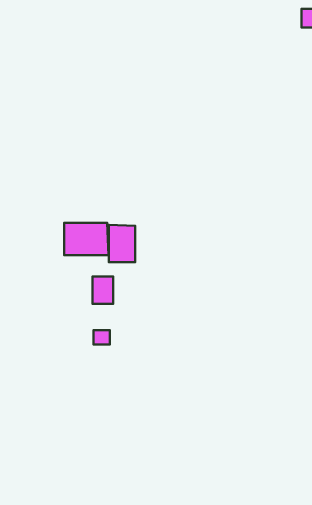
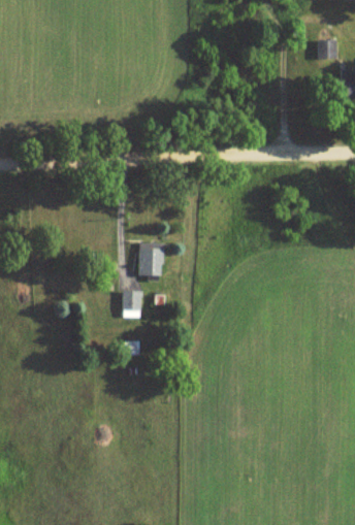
building: [64,223,109,255] -> none

